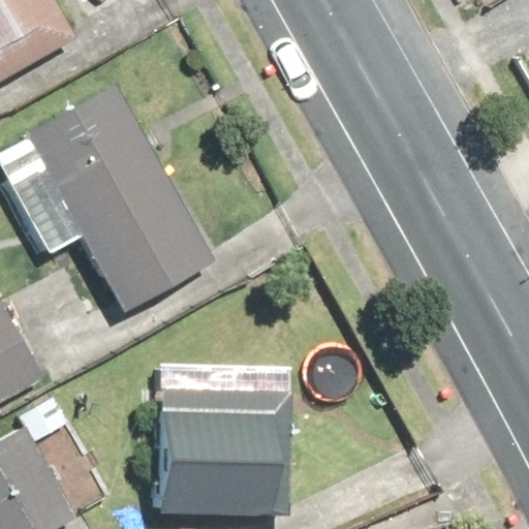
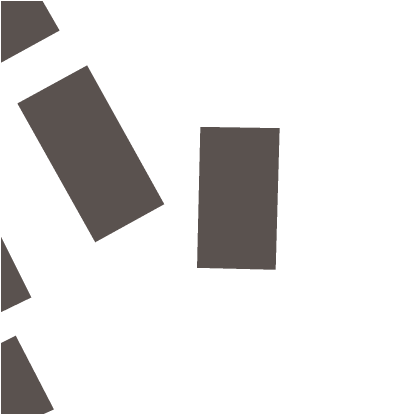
building: none -> [196,126,281,270]
building: [155,385,288,514] -> none

